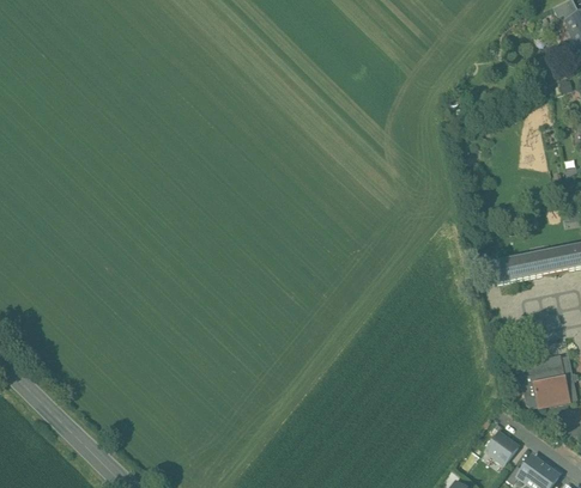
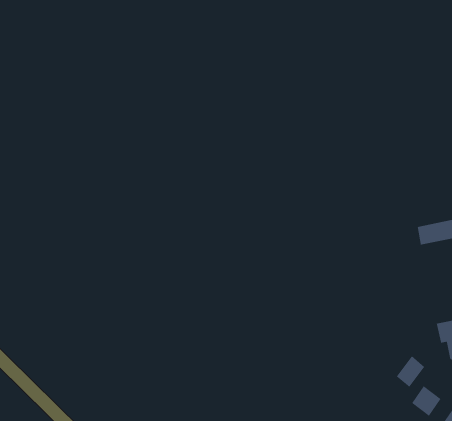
building: none -> [396,355,425,388]

